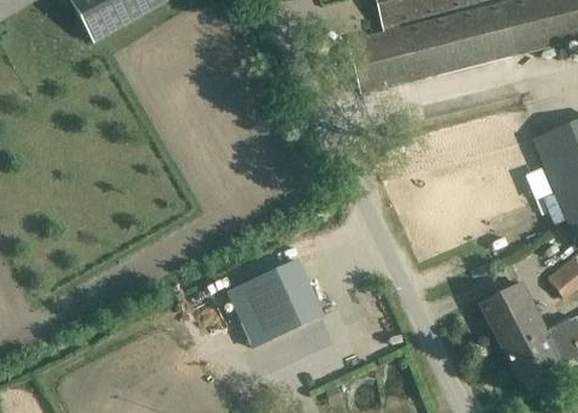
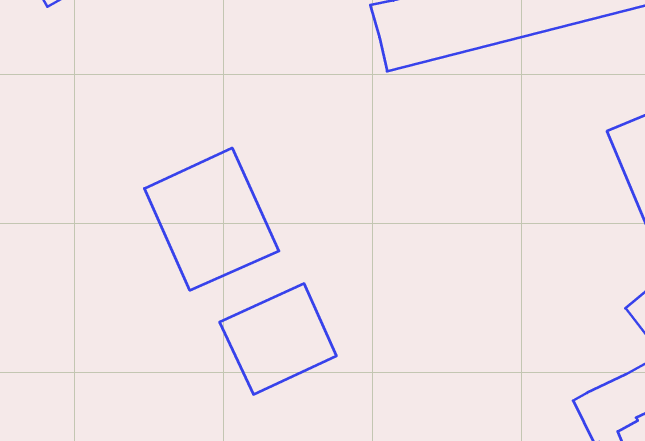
building: none -> [144,148,279,290]
building: [480,282,547,350] -> none

